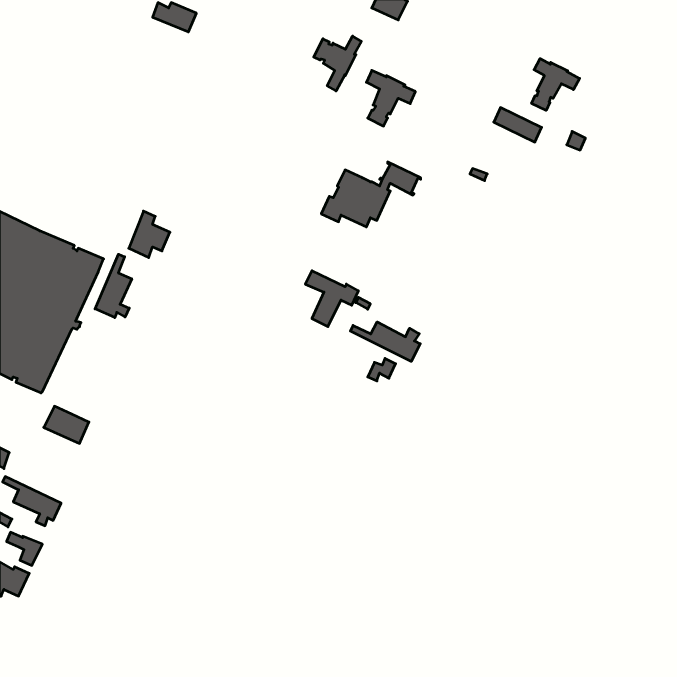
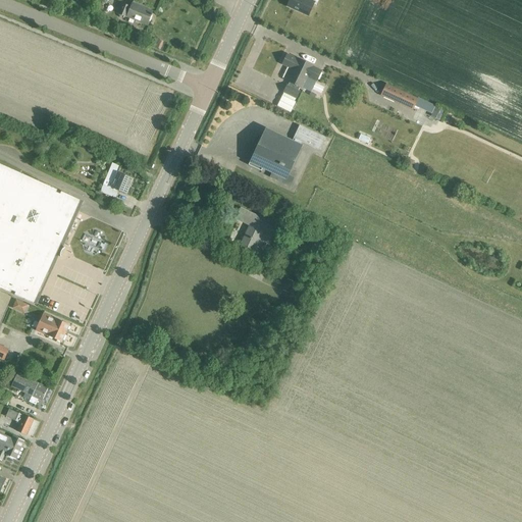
building: [314,36,361,91] -> none
building: [532,59,580,110] -> none
building: [95,254,132,318] -> none
building: [350,322,420,361] -> none

